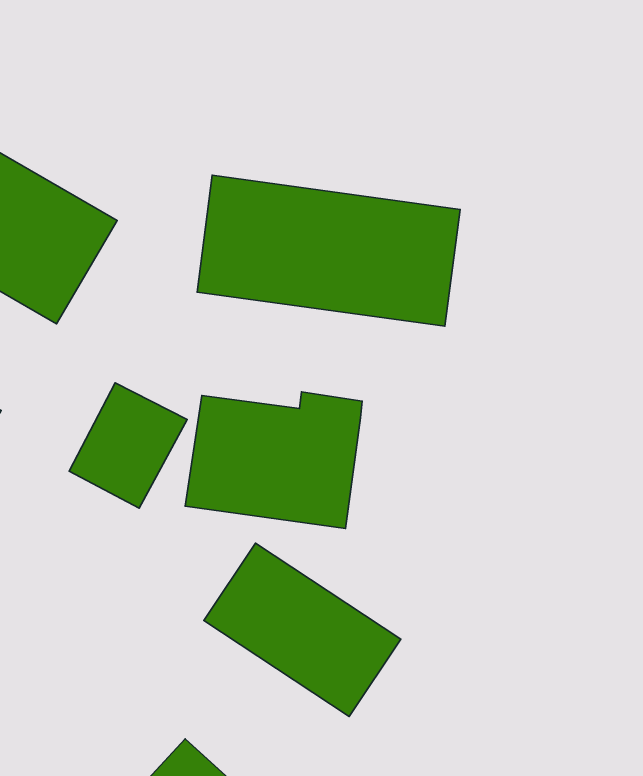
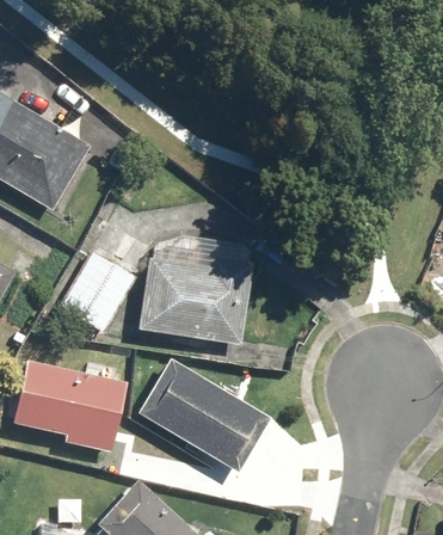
building: [197,175,460,326] -> none
building: none -> [18,355,129,448]

